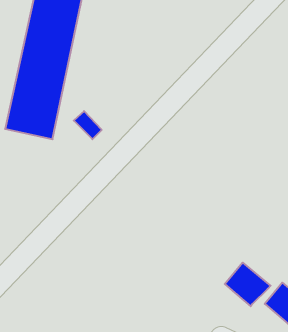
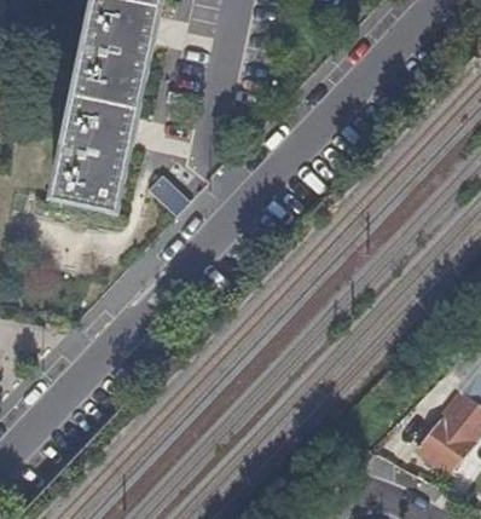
building: [225,263,271,306] -> none

